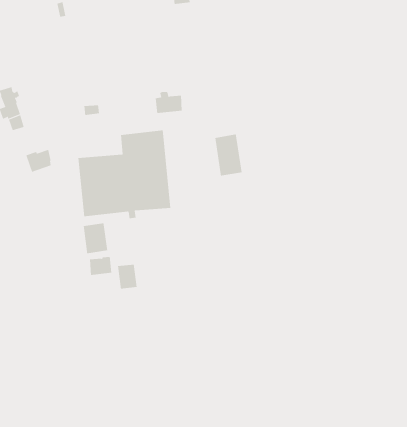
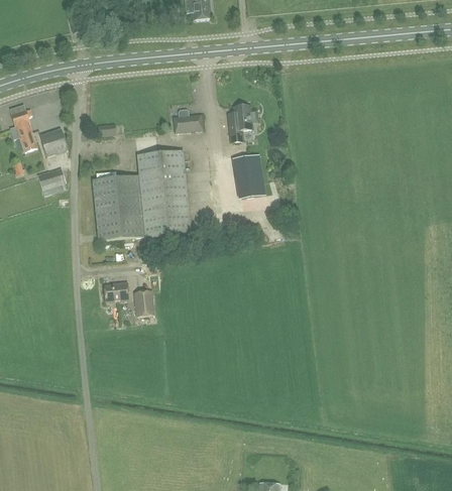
building: none -> [227,104,256,141]
building: none -> [39,128,67,155]
building: [83,223,108,254] -> none

